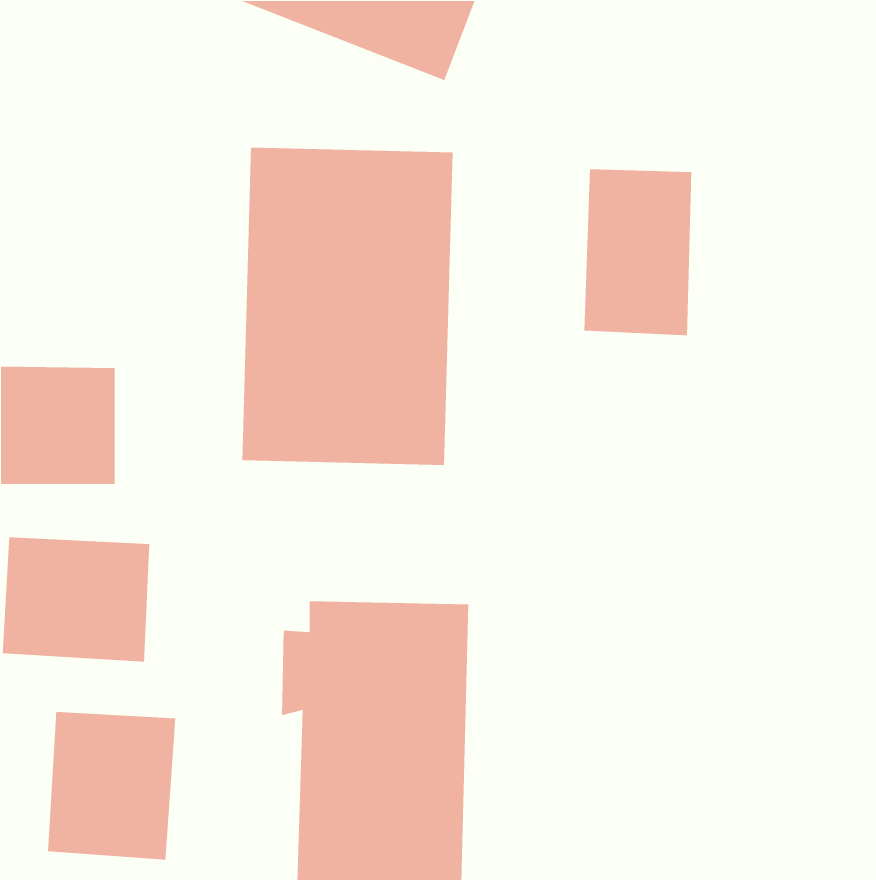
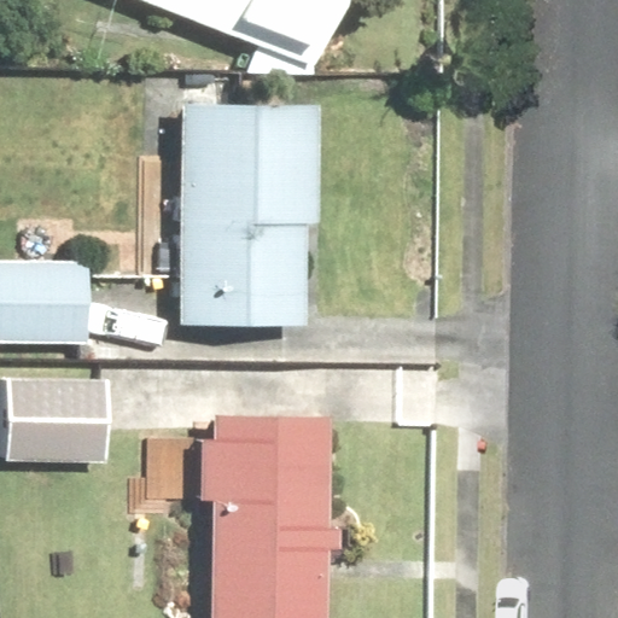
building: [584,169,692,336] -> none
building: [47,711,176,860] -> none

